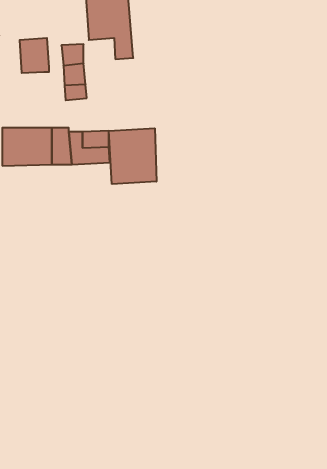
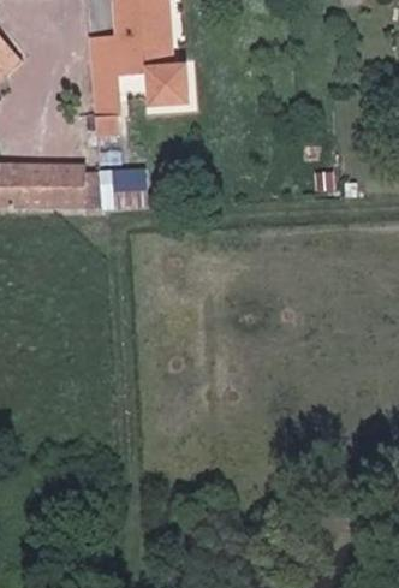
building: [20,38,49,73] -> [88,32,121,72]
building: [109,128,156,184] -> none

